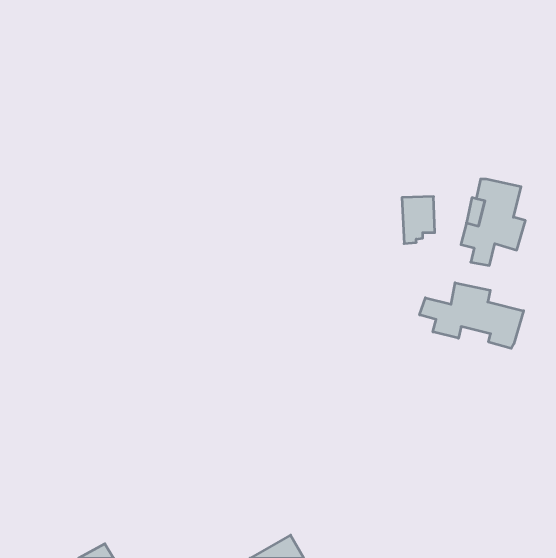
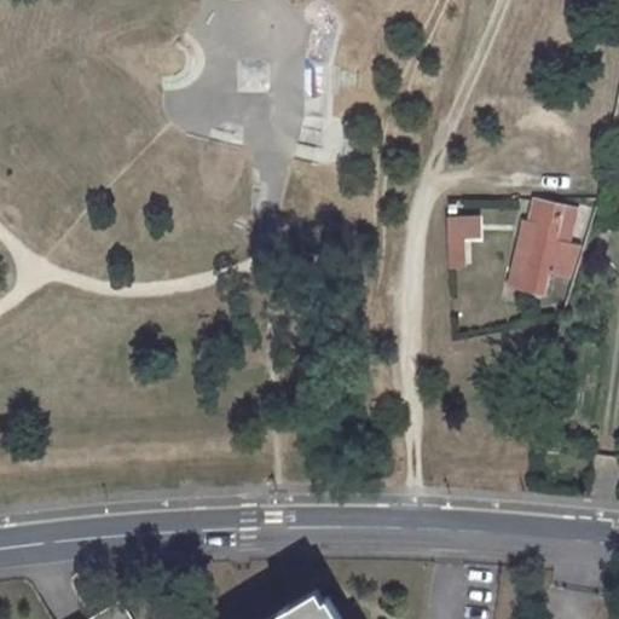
building: [420,283,524,348] -> none

